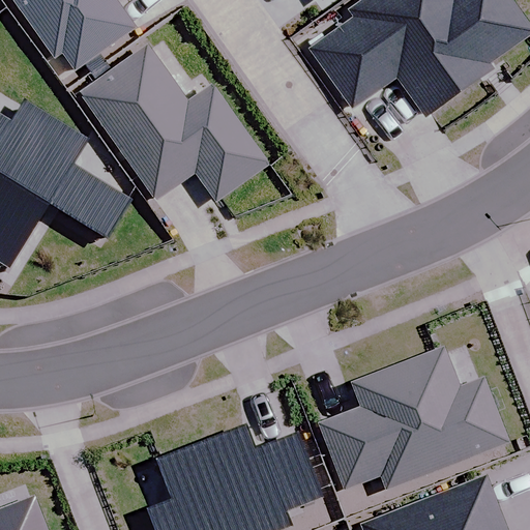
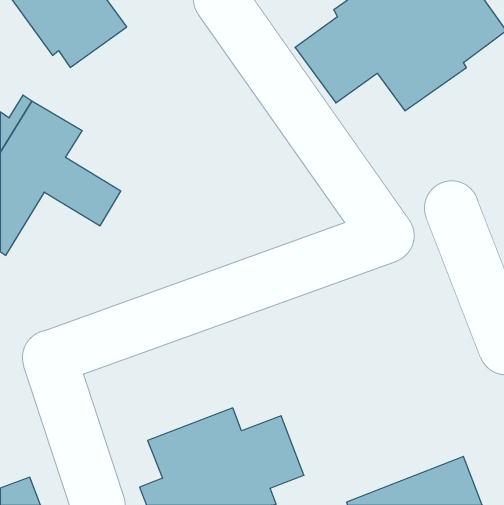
building: [84,49,267,200] -> none
building: [322,349,507,490] -> none

